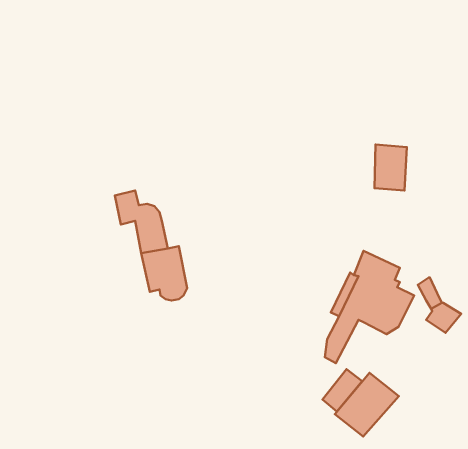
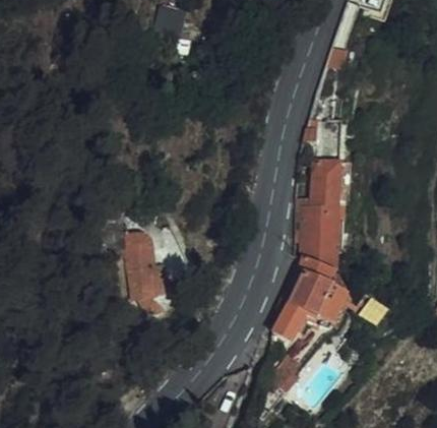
building: none -> [307,203,341,271]
building: [335,373,399,437] -> none

